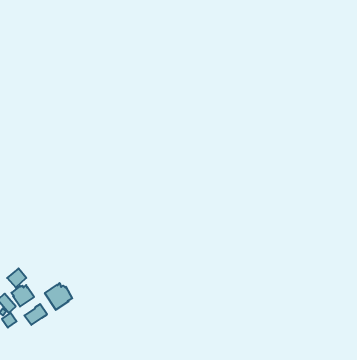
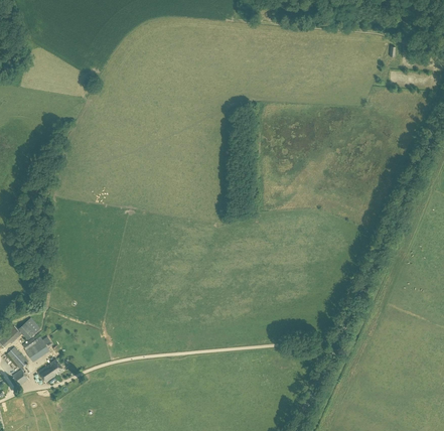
building: [45,283,72,310] -> none

